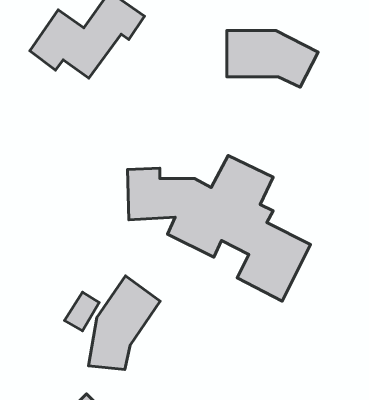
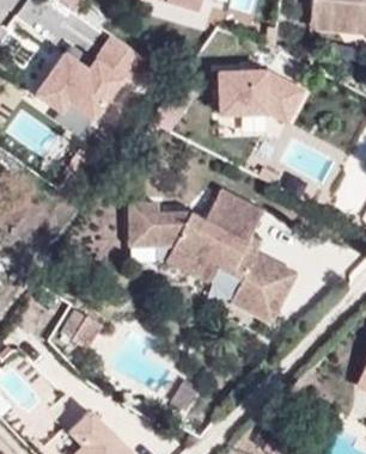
building: [88,276,160,369] -> none

